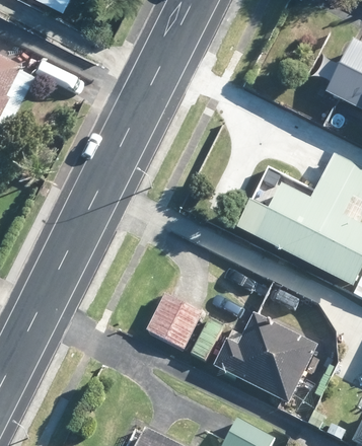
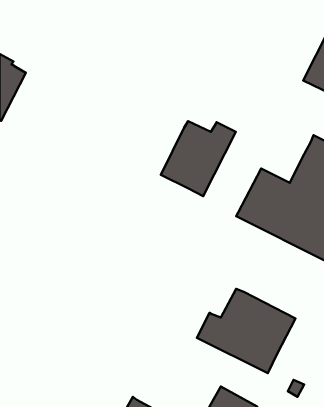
building: none -> [161,121,236,196]
building: [148,294,203,349] -> none

